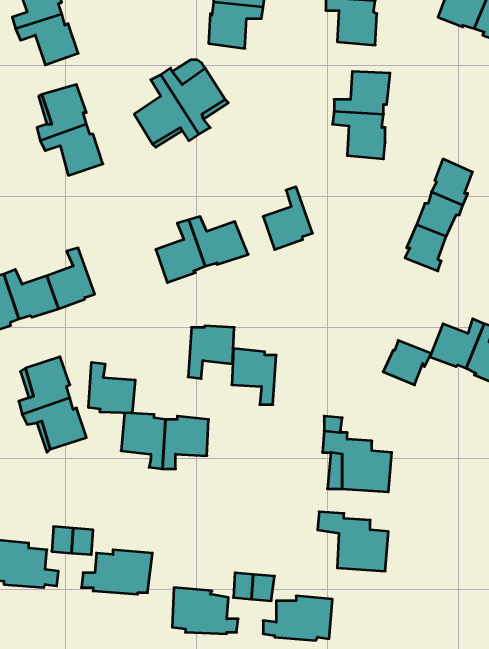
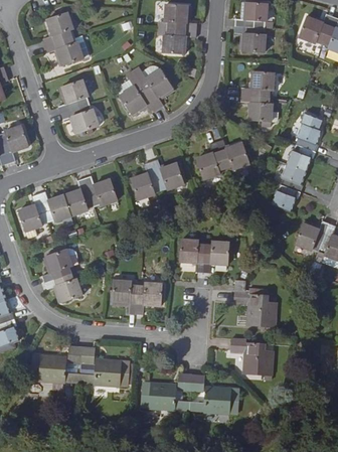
building: none -> [215,138,250,168]
building: none -> [82,175,118,205]
building: [188,326,234,379] -> [201,242,229,274]
building: [383,340,431,385] -> [273,183,302,210]
building: [89,362,135,413] -> none

